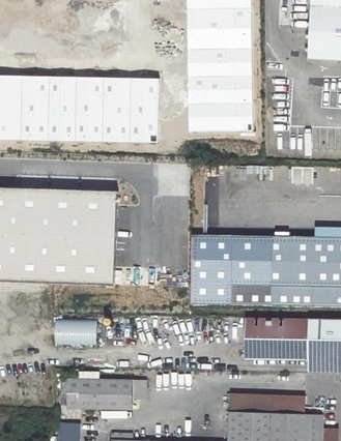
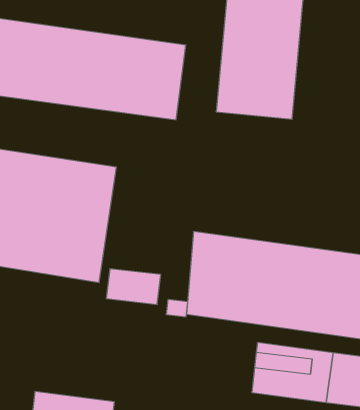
building: [53,321,95,346] -> [106,269,161,305]

